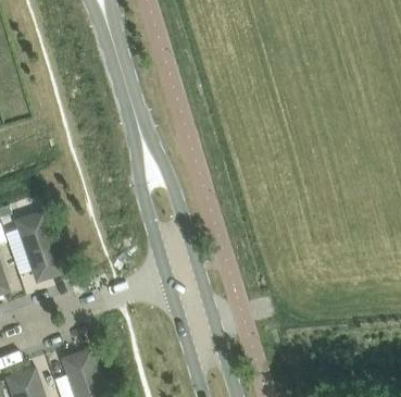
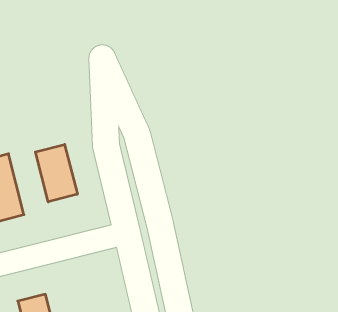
building: none -> [35,144,77,202]

